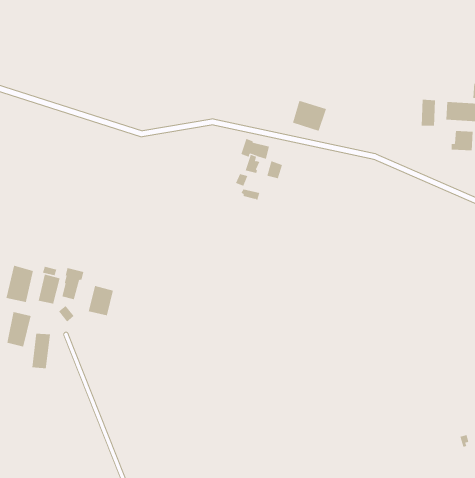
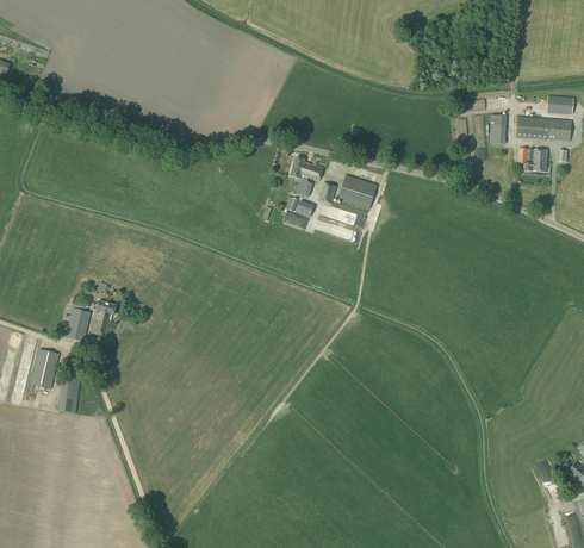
building: [292,100,327,132] -> [338,175,377,210]
building: [6,265,34,303] -> none
building: [88,285,113,316] -> none

